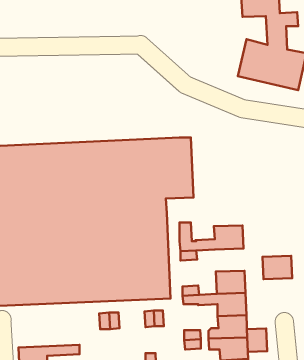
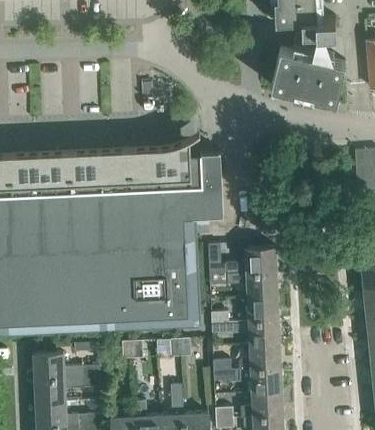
building: [263,256,292,279] -> [246,271,278,296]
building: none -> [33,352,100,378]
building: [247,329,267,352] -> none

